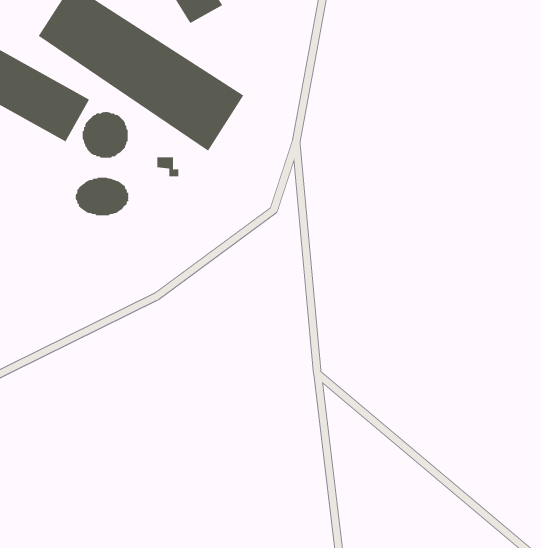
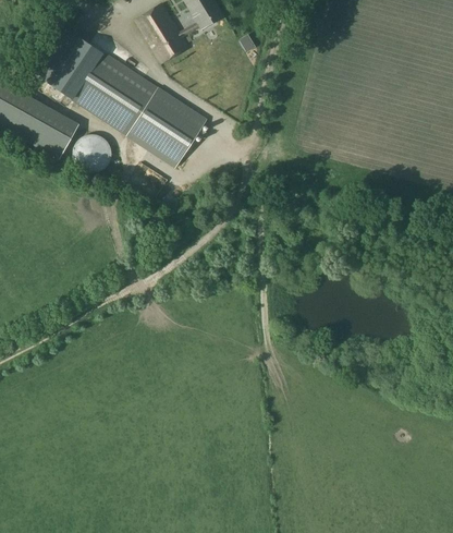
building: [75,177,129,216] -> none

